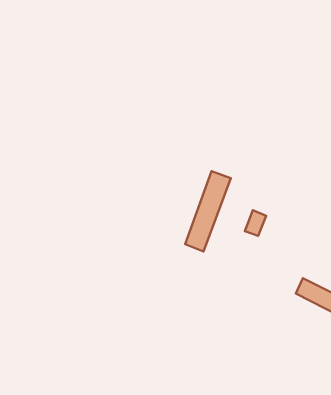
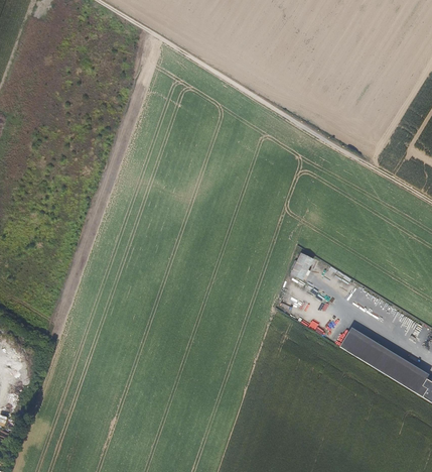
building: [185,171,231,252] -> none

